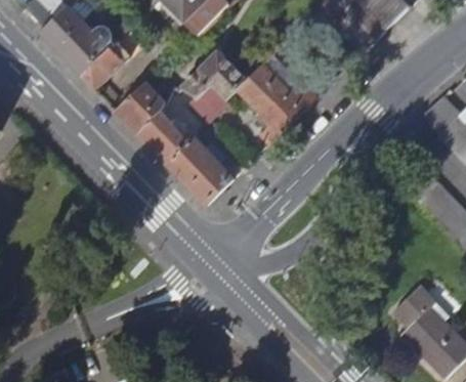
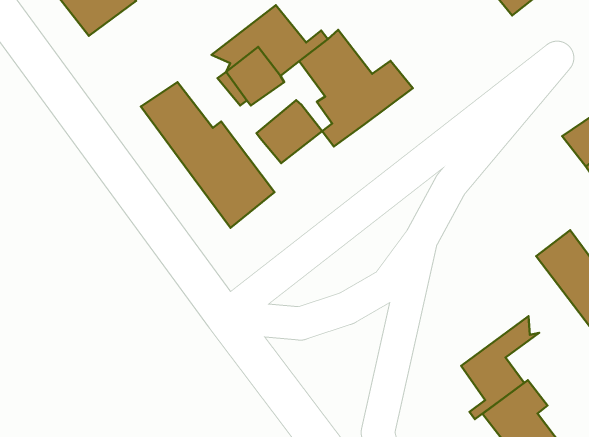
building: [115,79,161,130] -> none
building: none -> [256,100,322,163]
building: none -> [461,316,539,419]

